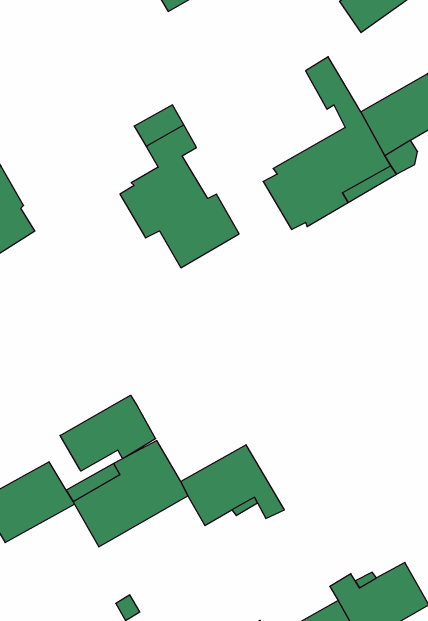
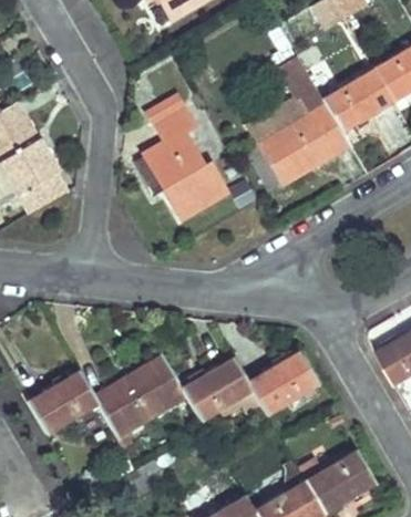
building: [60,395,156,471] -> none
building: none -> [247,351,319,414]

